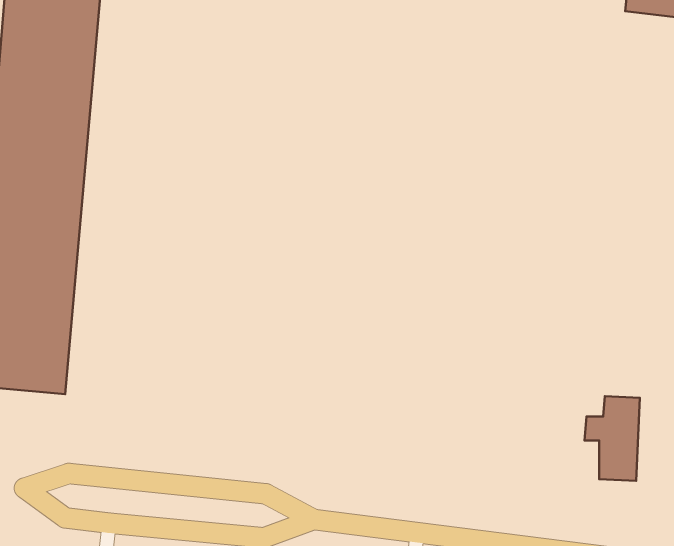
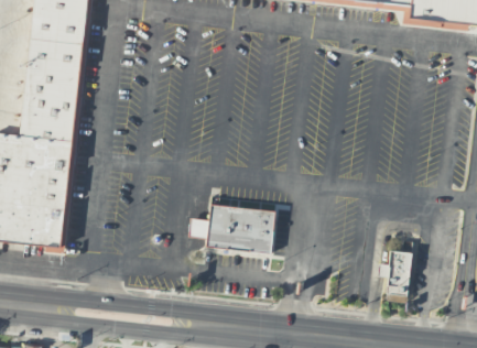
building: none -> [187,203,274,252]

